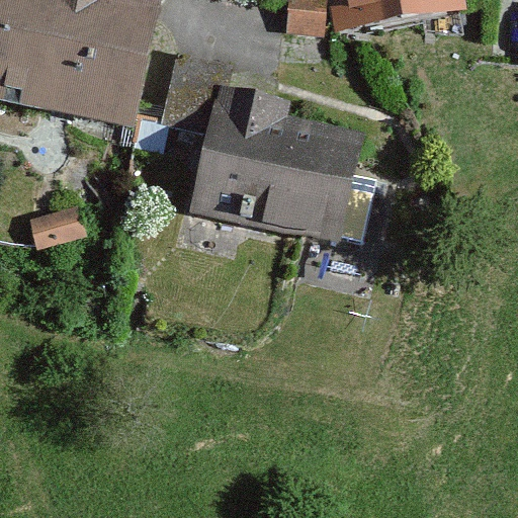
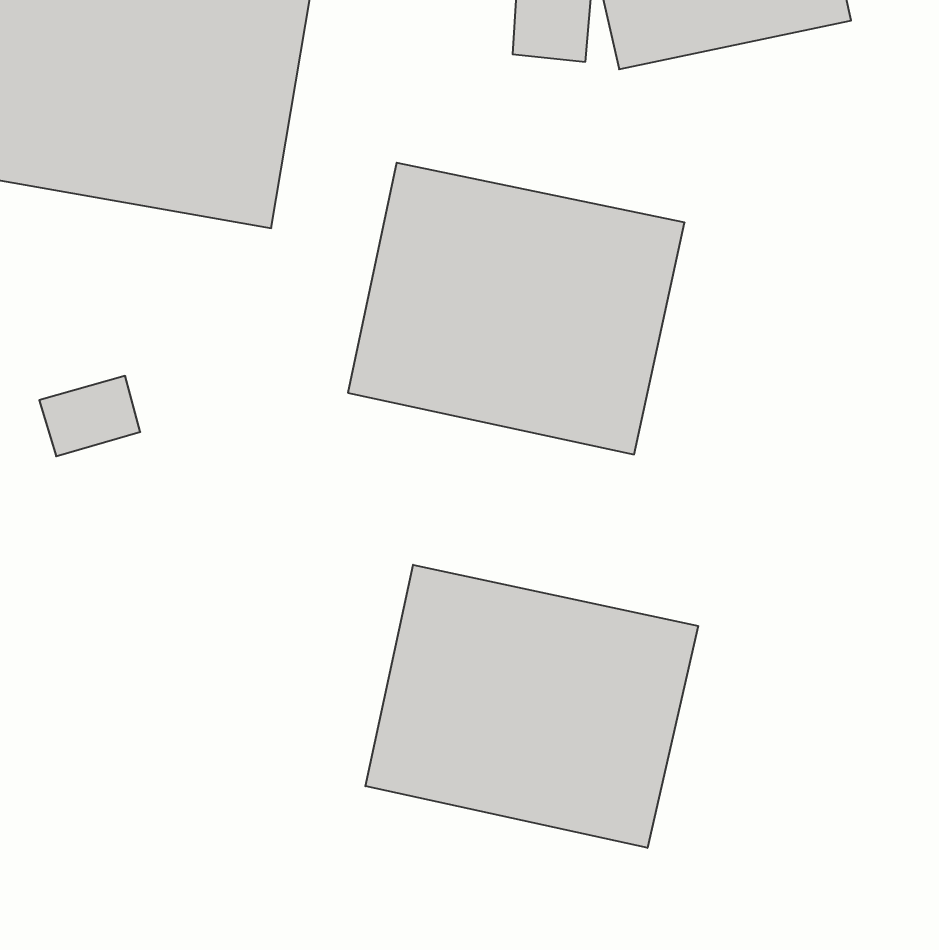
building: none -> [365,565,698,848]

